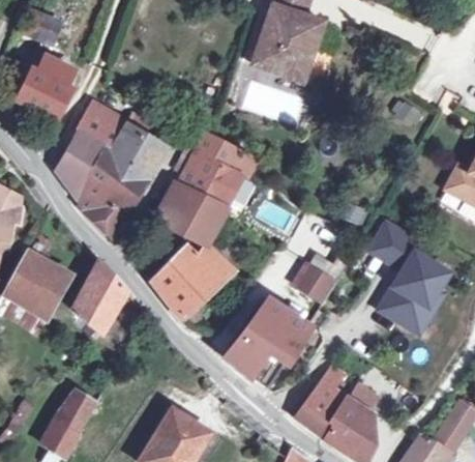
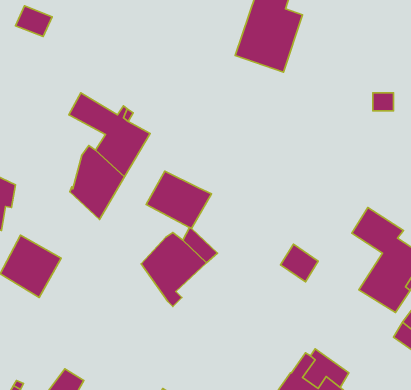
building: [18,48,80,117] -> none
building: [57,125,116,202] -> none
building: [178,133,244,207] -> none
building: [71,260,125,333] -> none
building: [227,299,308,391] -> none

